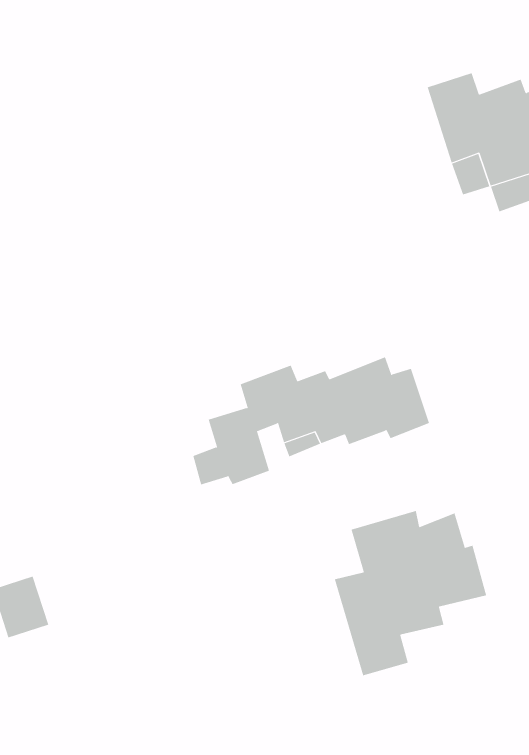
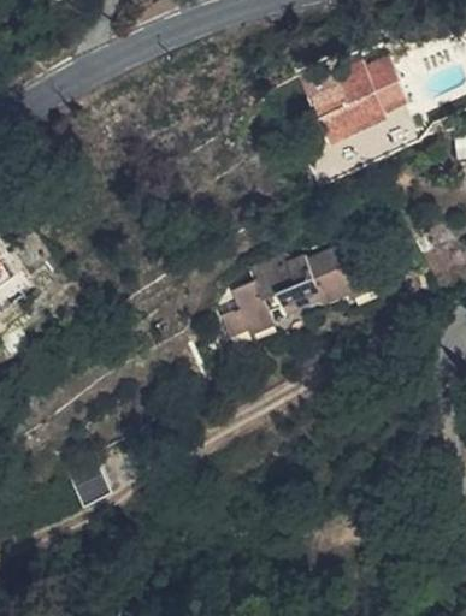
building: [334,510,487,676] -> none

